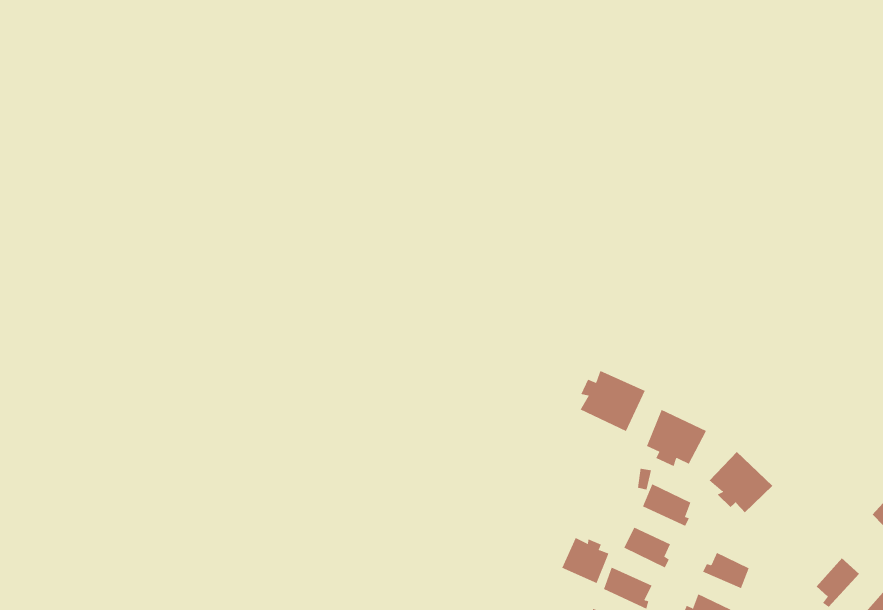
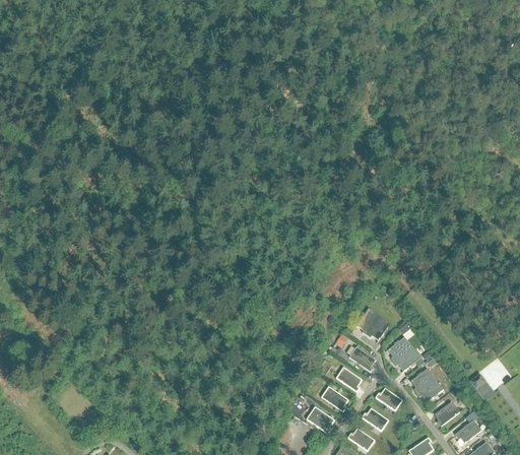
building: [580,370,646,432] -> none
building: none -> [411,368,444,400]
building: [562,537,609,584] -> none

